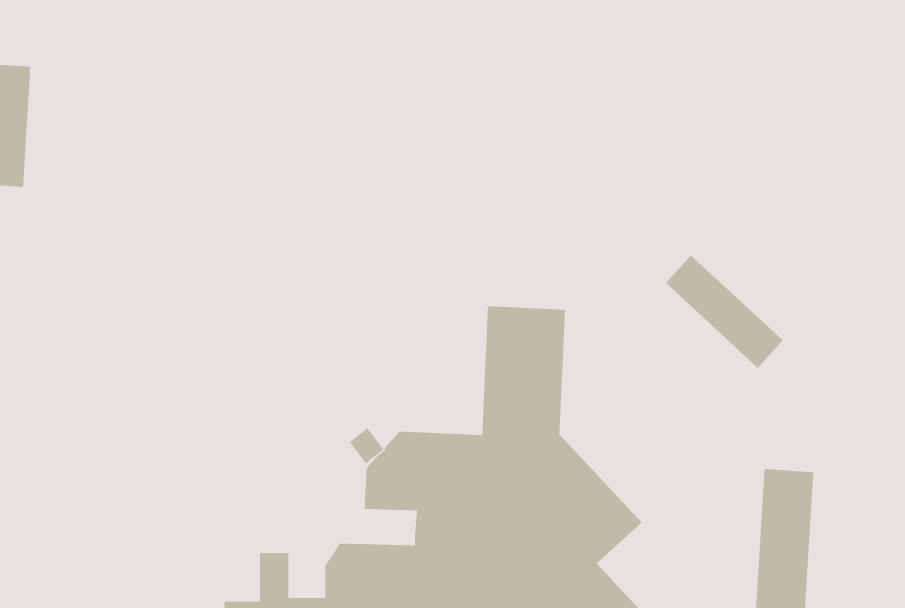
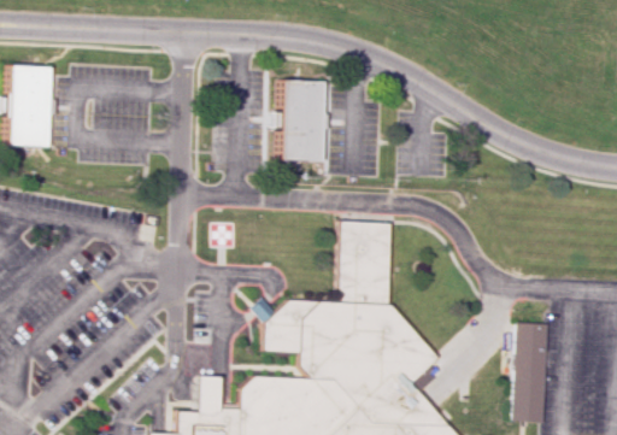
building: none -> [282,77,327,161]
building: [665,254,784,369] -> none

